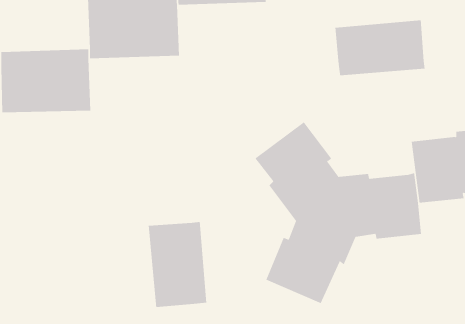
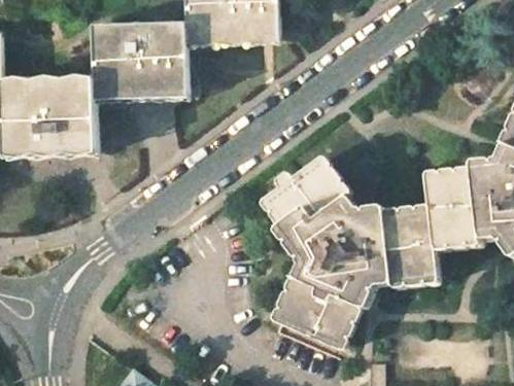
building: [335,19,425,76] -> none
building: [148,221,207,308] -> none

